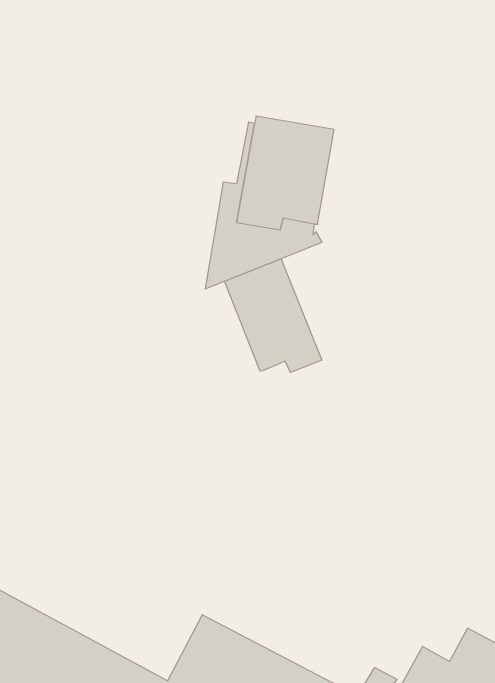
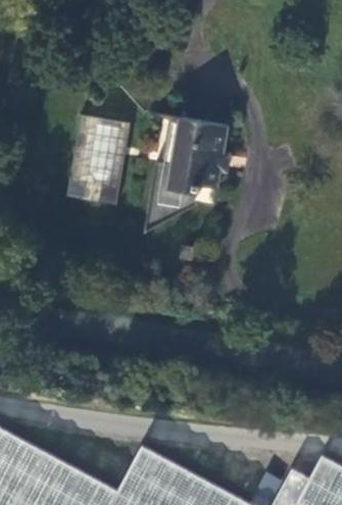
building: none -> [65,115,130,205]
building: [225,259,322,372] -> none

